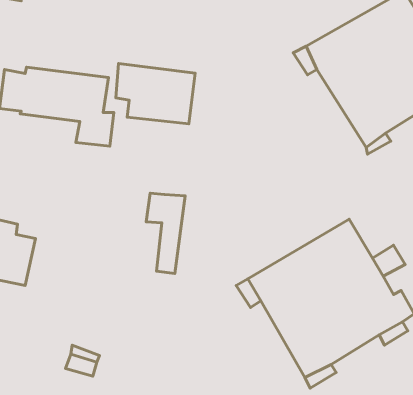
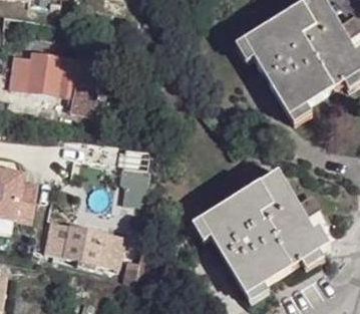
building: [116,63,195,124] -> none
building: none -> [43,222,127,268]

